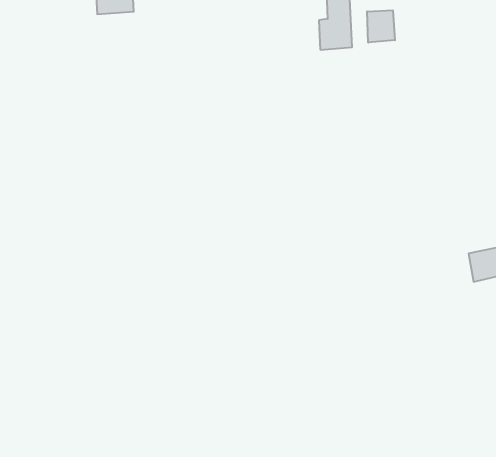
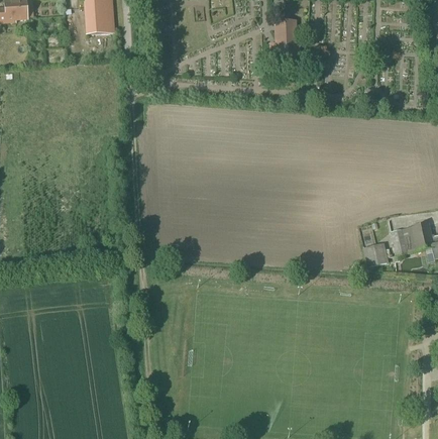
building: [367,10,395,43] -> none
building: none -> [363,240,389,264]

